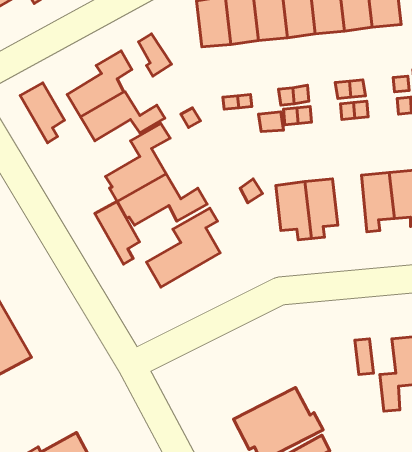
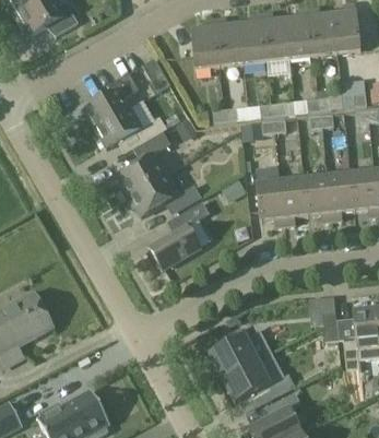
building: [20,83,64,143] -> none
building: none -> [304,175,332,223]
building: [95,202,140,264] -> none
building: none -> [210,327,273,377]

